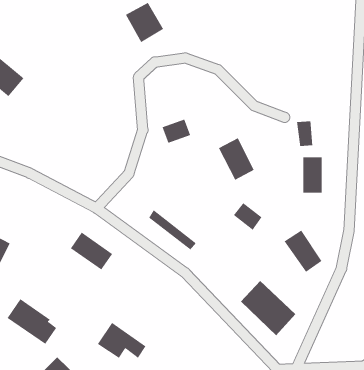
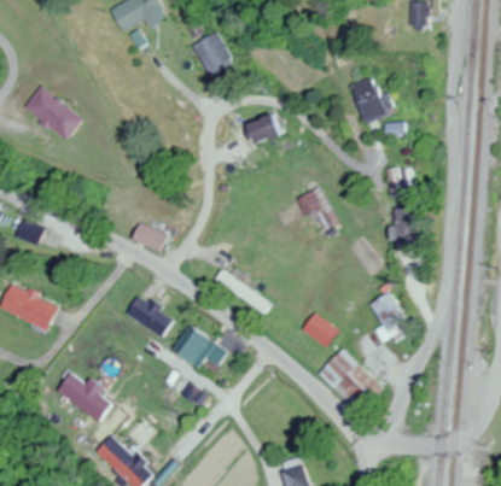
building: none -> [349,77,384,123]
building: [161,119,191,144] -> [240,115,274,144]
building: none -> [128,222,167,253]
building: [233,202,262,231] -> [304,314,338,346]
building: [97,322,147,359] -> [174,326,231,368]

